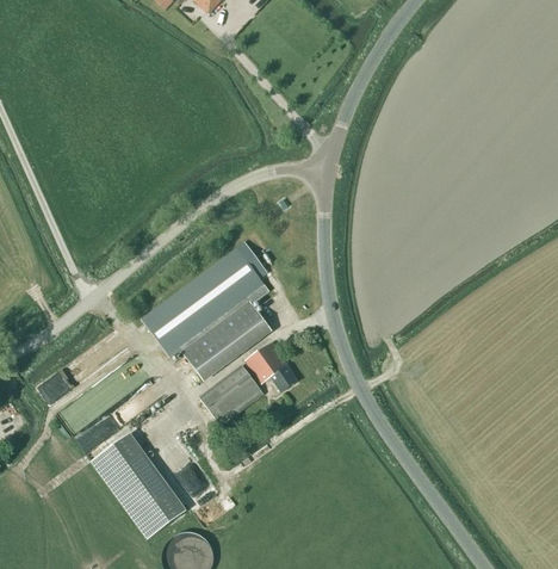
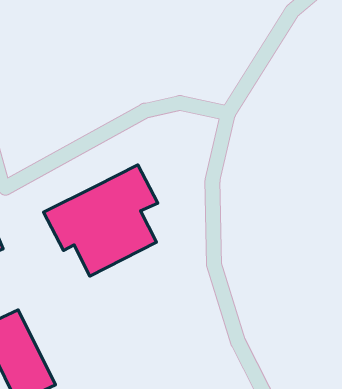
building: [246,342,296,391] -> none
building: [199,365,264,426] -> none

